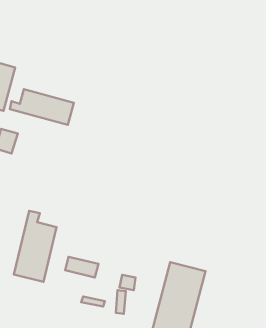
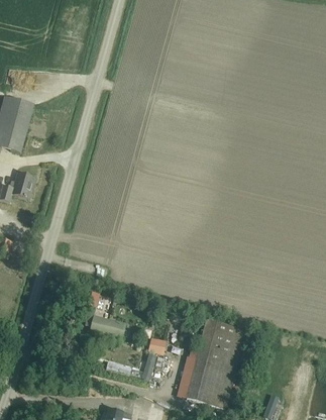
building: [10,89,74,125] -> none
building: [14,211,57,282] -> none

